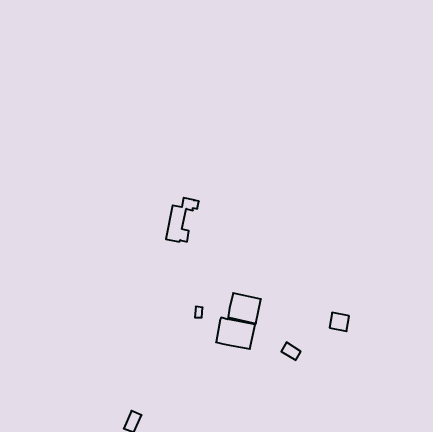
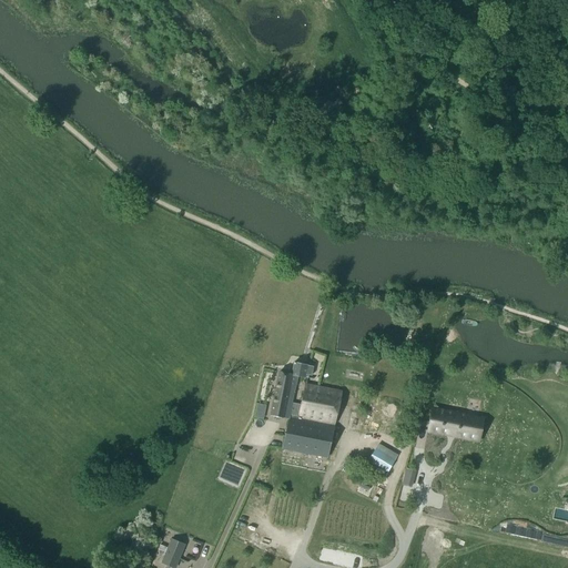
building: [166,198,199,242] -> [271,361,314,418]
building: none -> [454,414,480,438]

